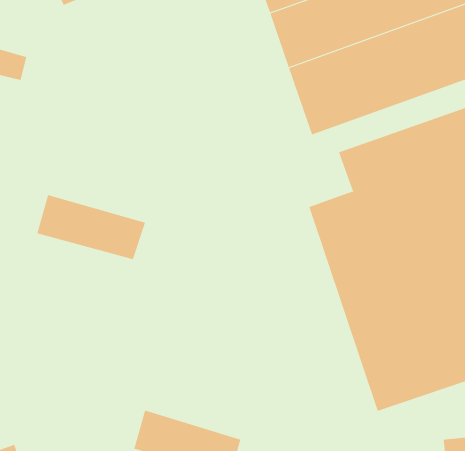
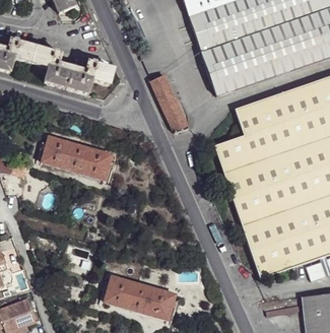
building: none -> [30,46,113,93]
building: none -> [153,76,190,132]

